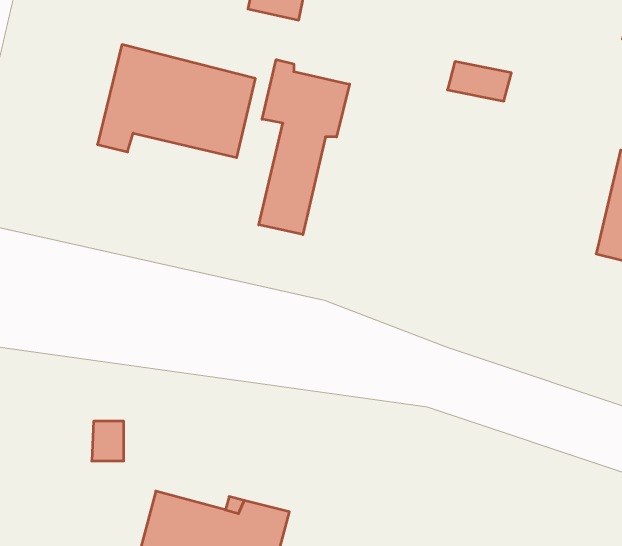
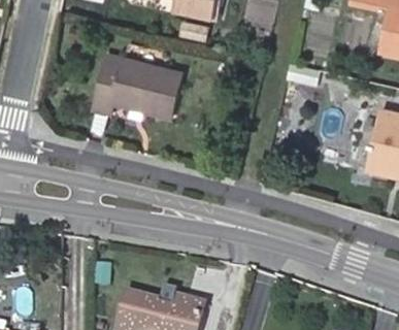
building: [259,60,350,235] -> none

